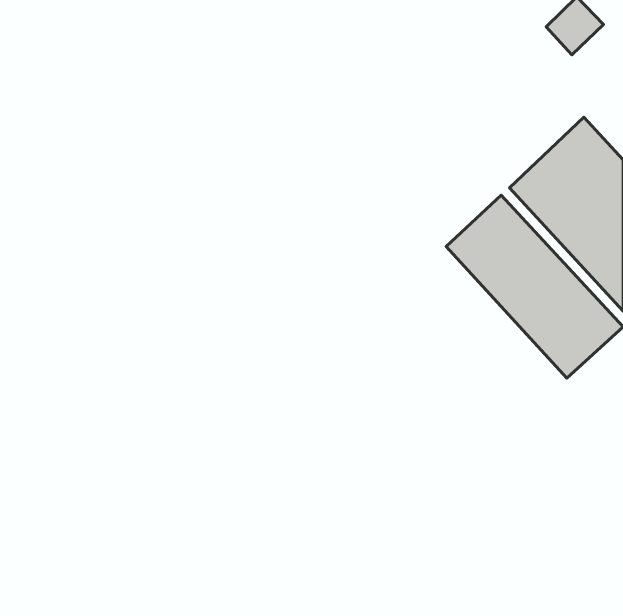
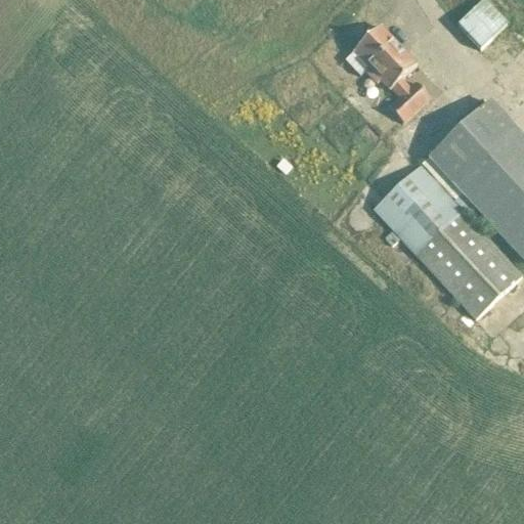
building: none -> [354,24,418,87]
building: none -> [390,80,431,120]

